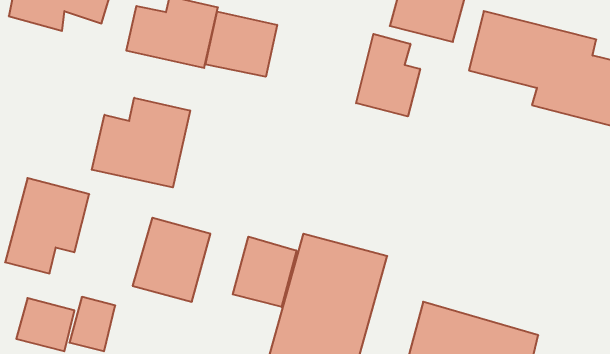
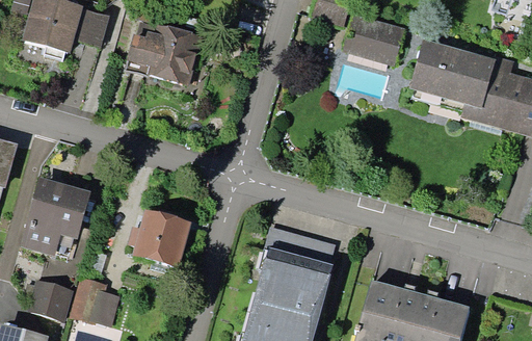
building: [205,11,277,77] -> none
building: [356,34,420,116] -> none
building: [92,98,190,187] -> none
building: [233,237,296,307] -> none

